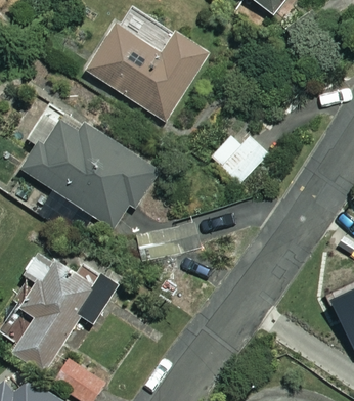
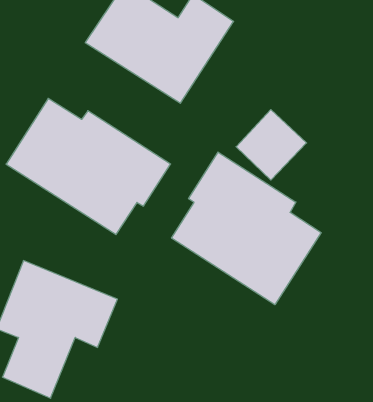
building: none -> [172,152,321,305]

